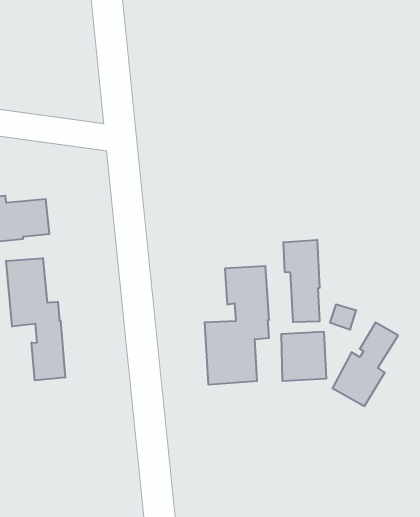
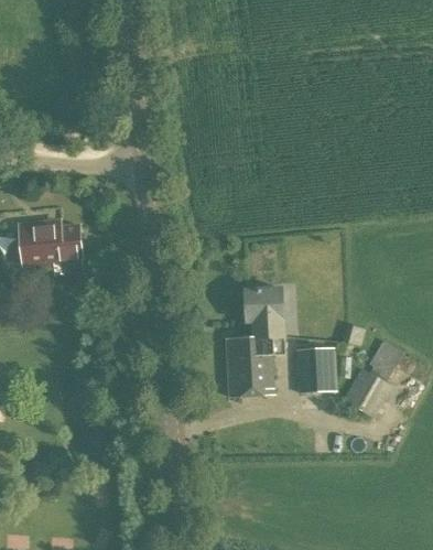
building: [283,240,320,322] -> none
building: [6,258,65,380] -> none

